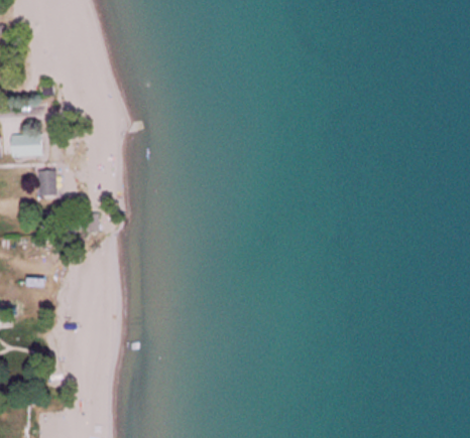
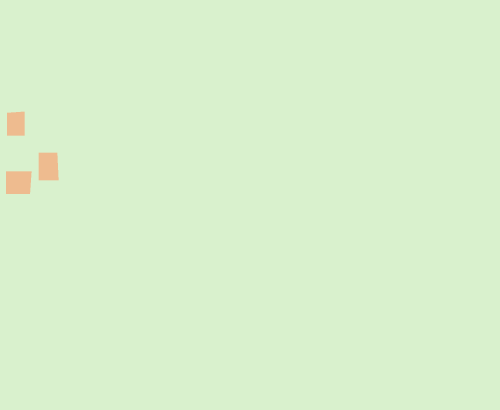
building: none -> [6,171,32,195]

